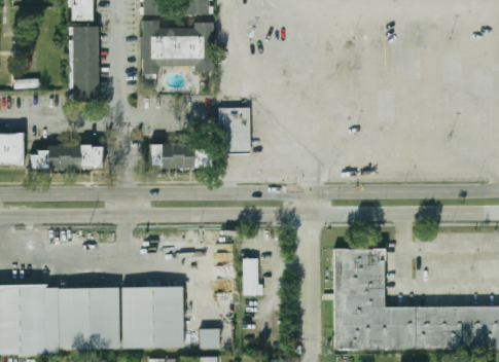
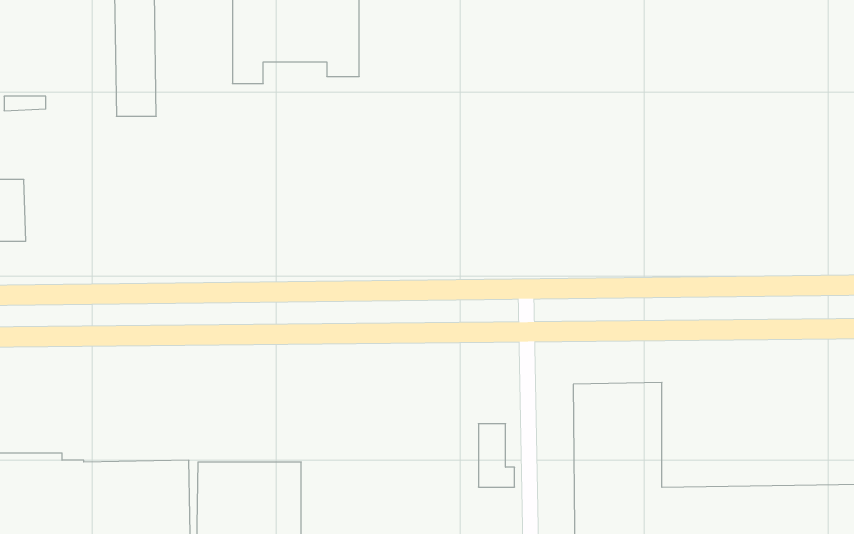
building: [220,104,251,150] -> none
building: [151,140,209,168] -> none
building: [31,143,106,168] -> none
building: [242,260,262,296] -> [478,424,515,487]

